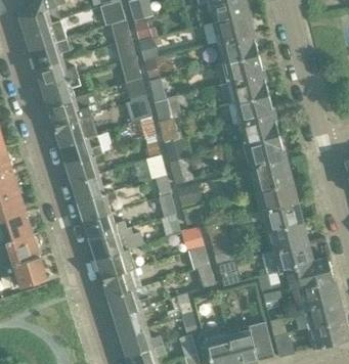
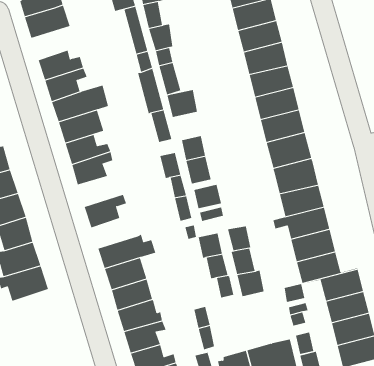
building: [30,40,69,71] -> none
building: [72,176,114,203] -> none
building: [84,214,126,241] -> none

